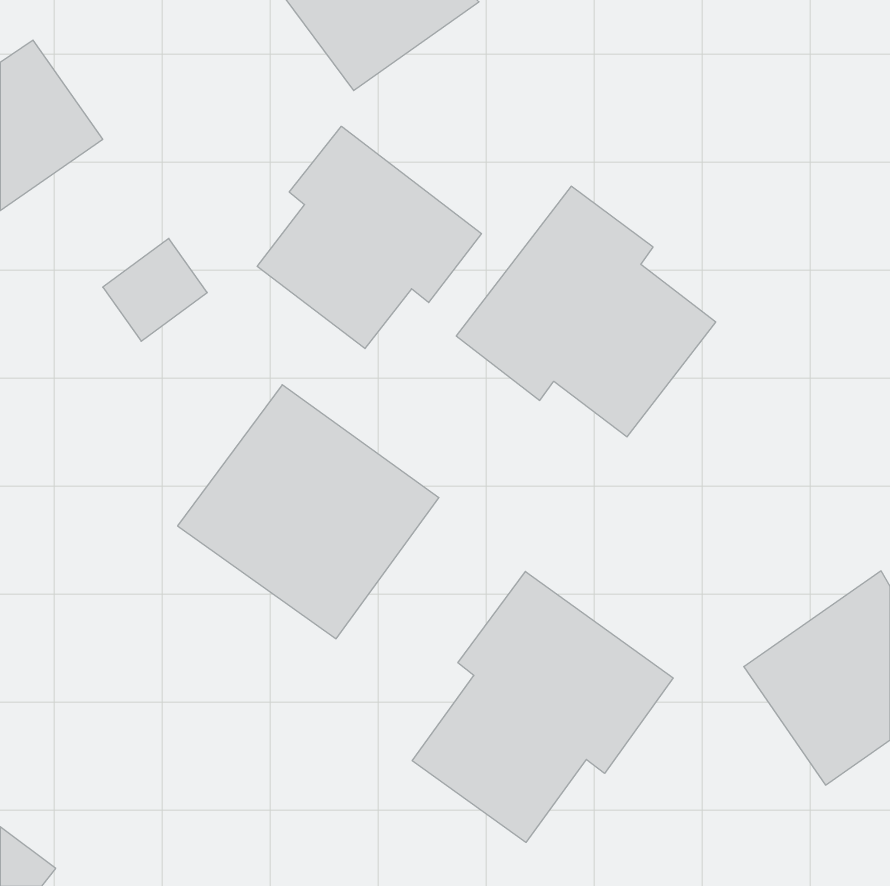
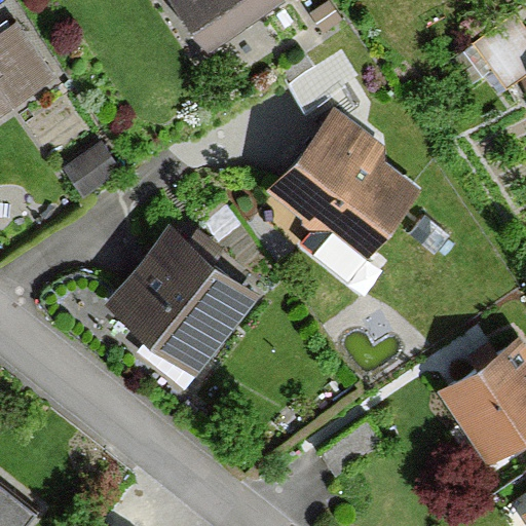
building: [257,126,481,349] -> none
building: [412,571,673,842] -> none

